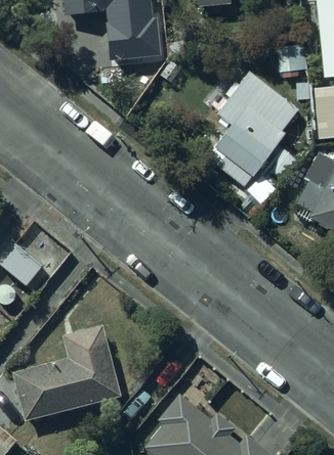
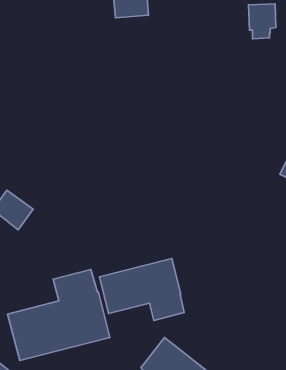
building: [206,81,300,182] -> none
building: none -> [100,259,184,320]

